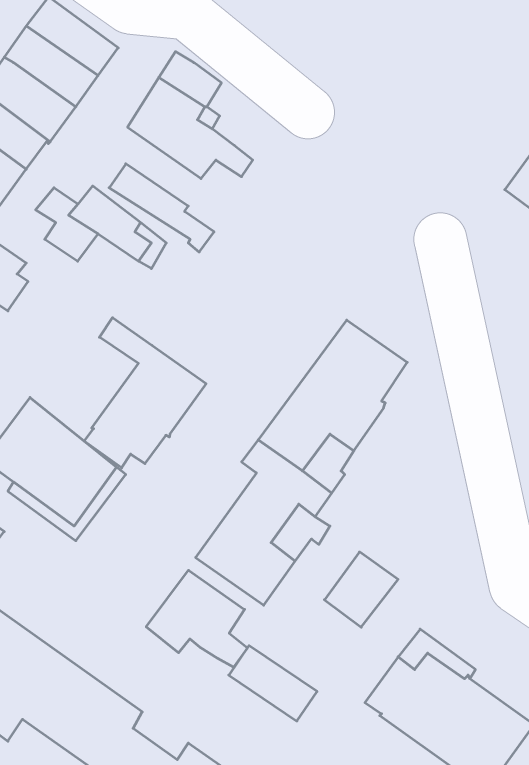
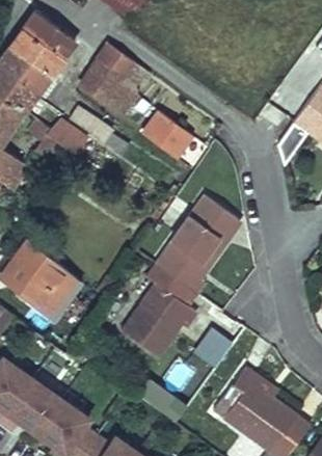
building: none -> [142,110,192,157]
building: [84,318,206,468] -> none
building: [146,570,247,667] -> none

